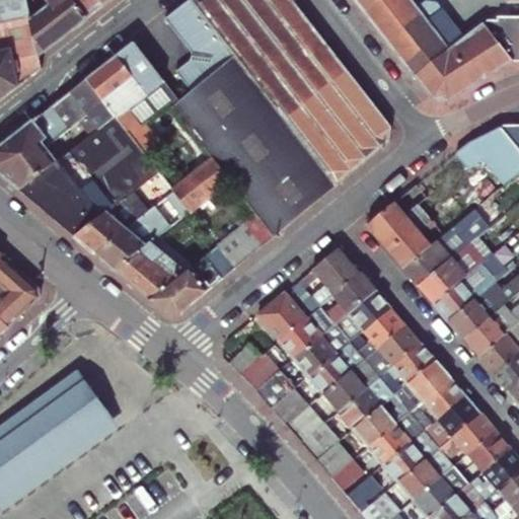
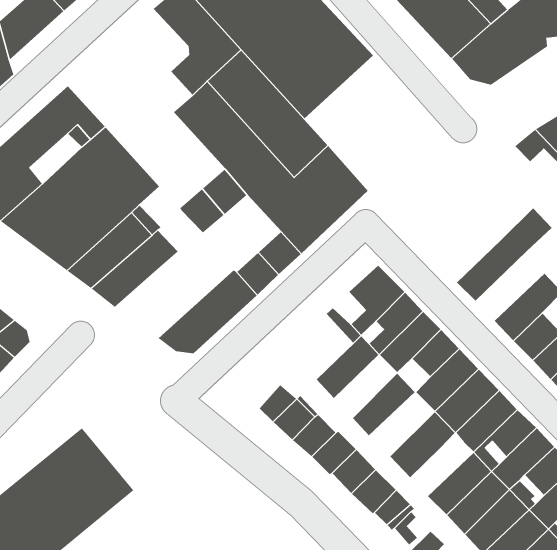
building: [86,44,162,140] -> none
building: [284,70,388,183] -> none
building: [366,201,442,266] -> none
building: [114,240,182,296] -> none
building: [418,243,479,300] -> none
building: [256,291,306,340] -> none
building: [293,322,348,374] -> none
building: [320,356,377,409] -> none
building: [353,400,407,444] -> none

